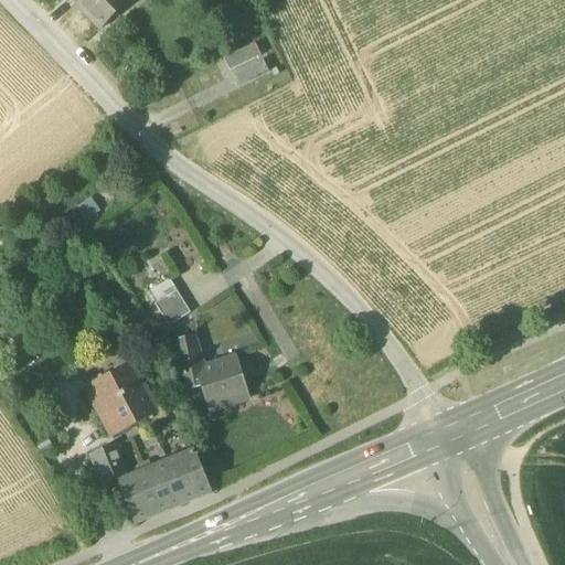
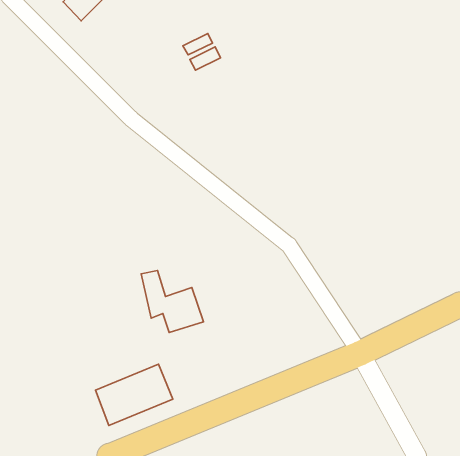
building: [154,287,191,323] -> none
building: [85,359,157,434] -> none
building: [88,440,128,481] -> none

